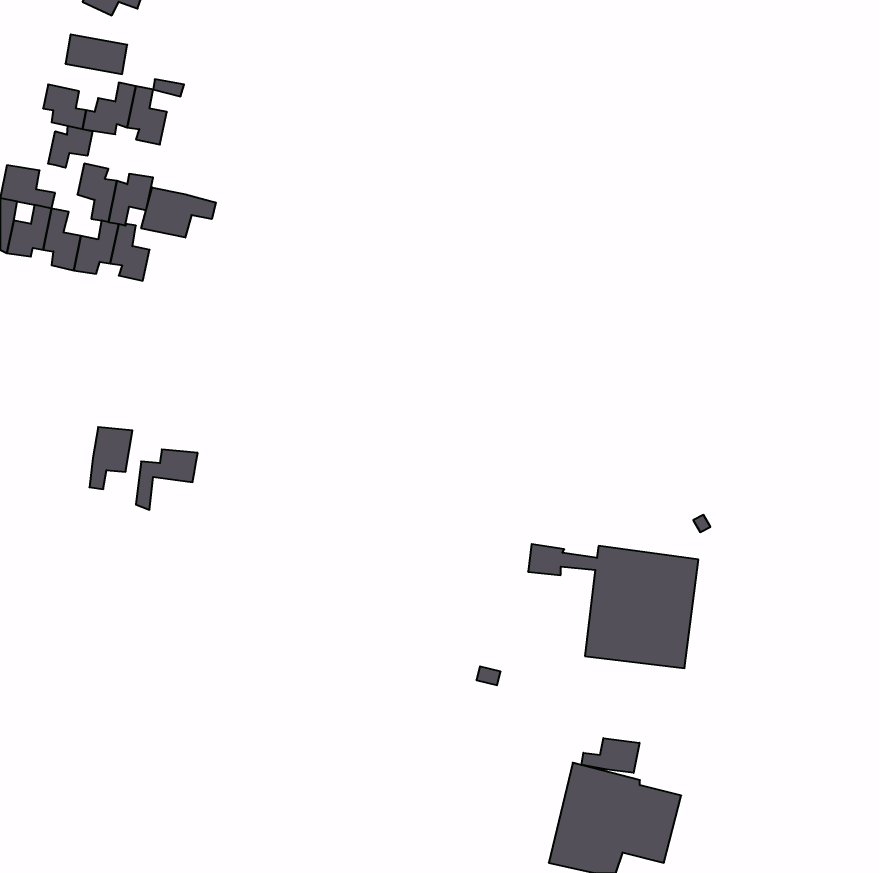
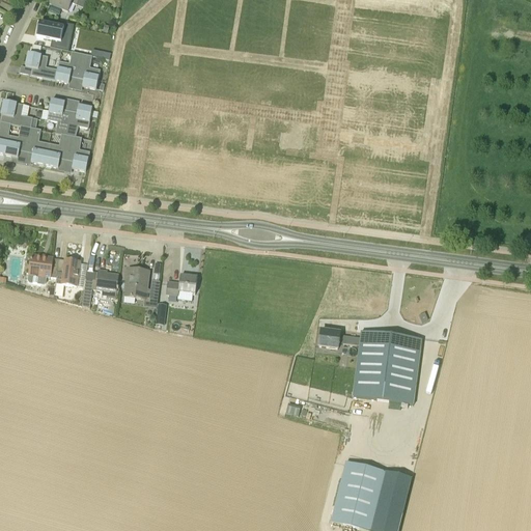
building: [48,126,92,168] -> none
building: [141,187,216,238] -> none
building: none -> [28,253,59,282]
building: none -> [117,267,160,302]
building: none -> [166,273,197,299]
building: [581,738,639,773] -> none

